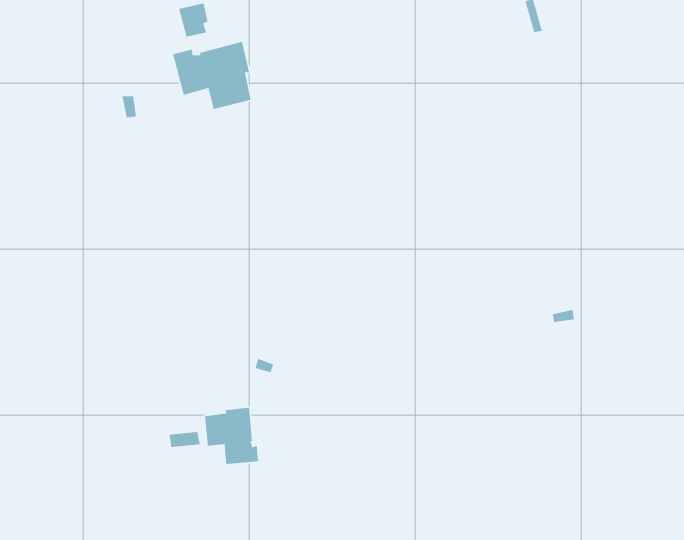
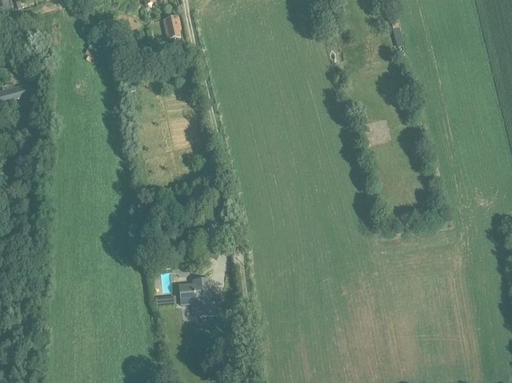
building: [172,41,251,110] -> none

